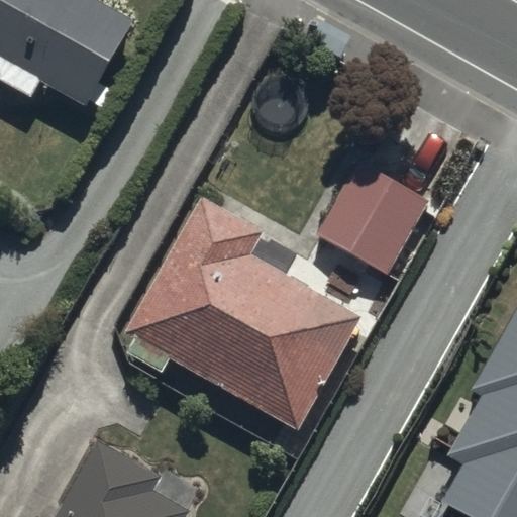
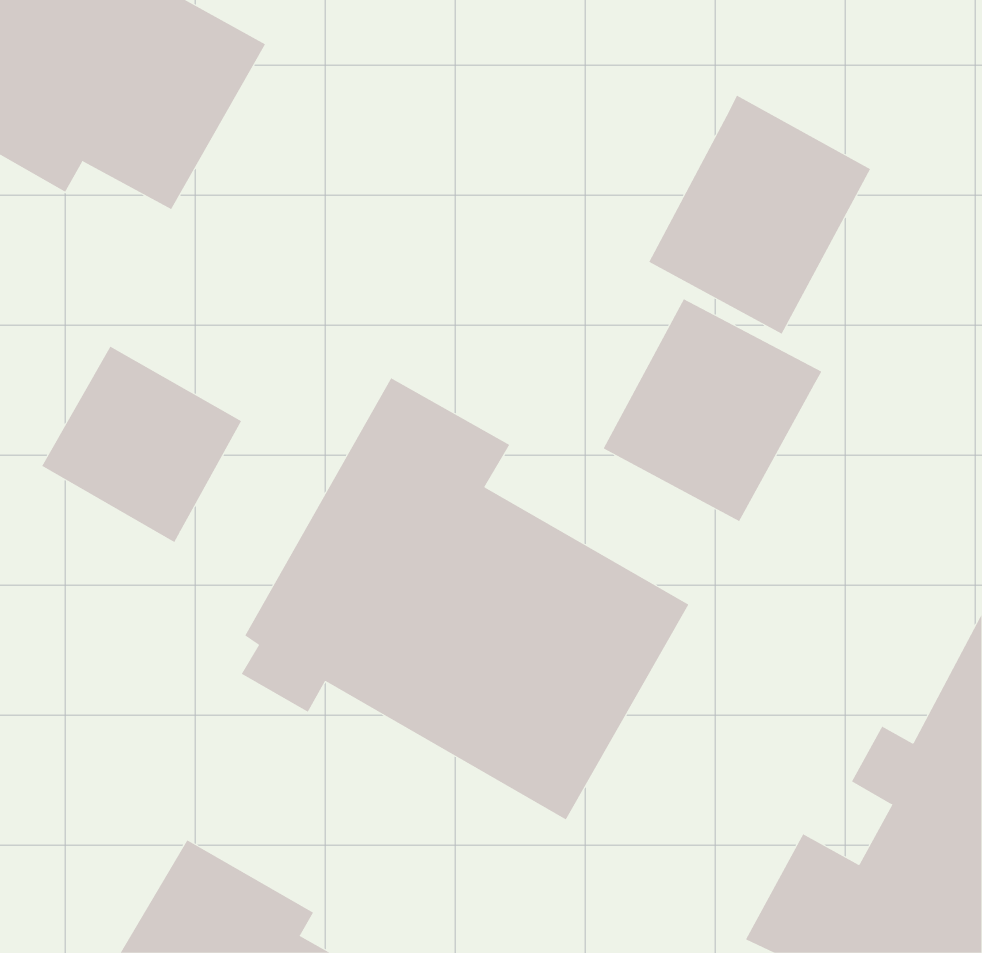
building: none -> [649,95,871,334]
building: none -> [42,346,242,543]

